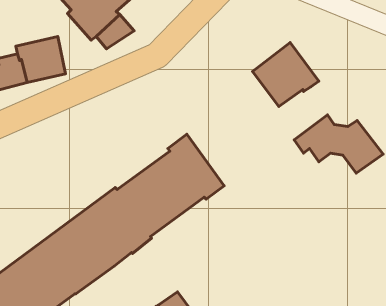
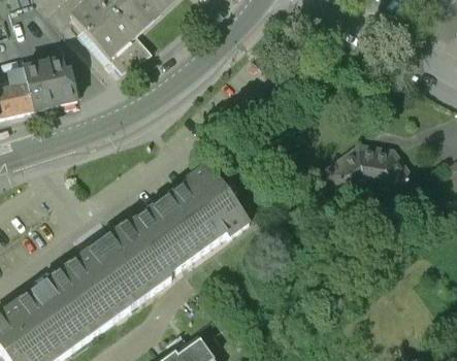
building: [253,42,319,107] -> none

